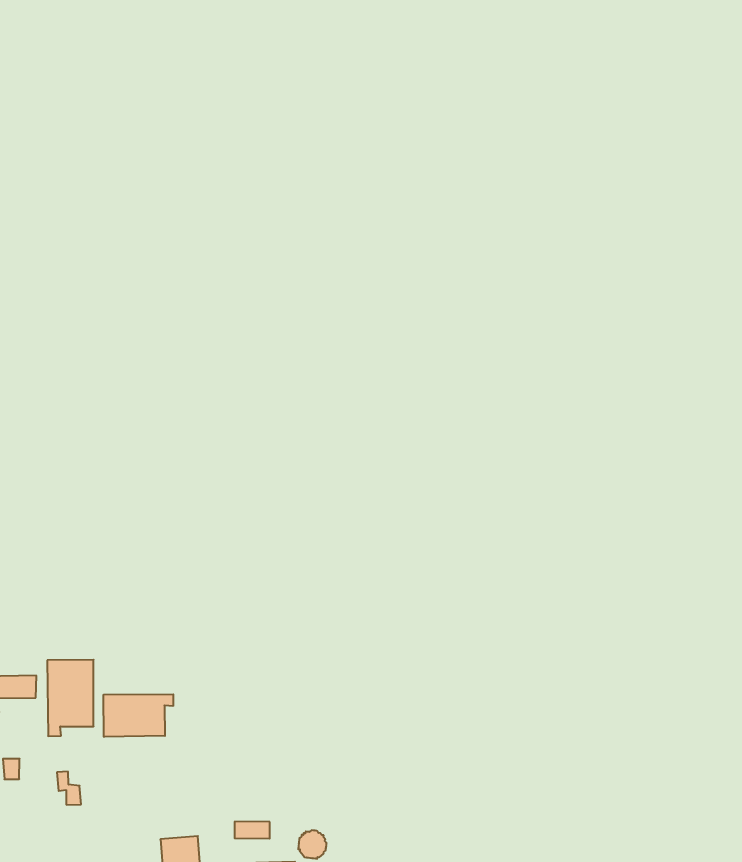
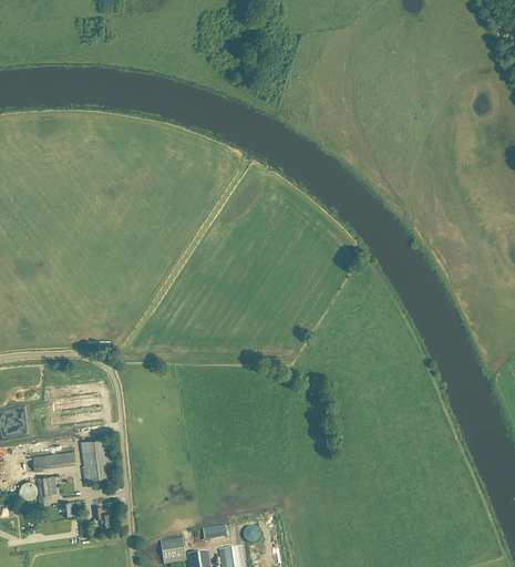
building: [104,694,173,737] -> none

